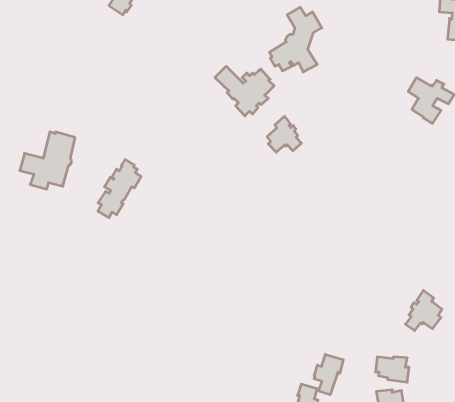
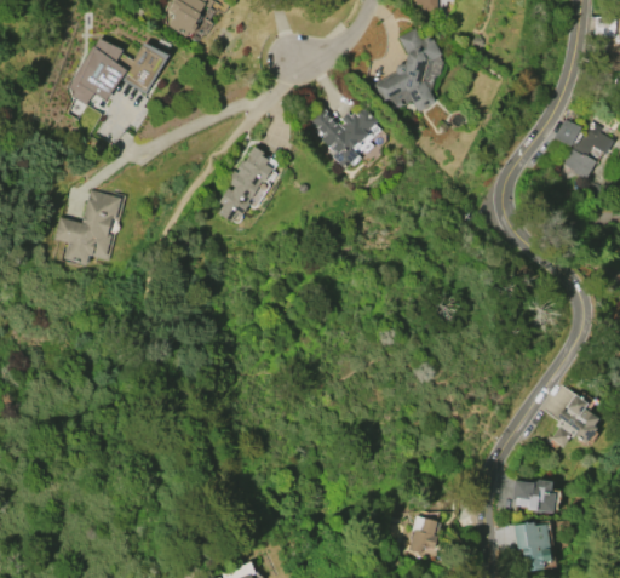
building: none -> [68,38,166,103]
building: [267,116,301,152] -> none
building: [98,160,141,218] -> [219,145,275,221]
building: [314,354,343,395] -> none

